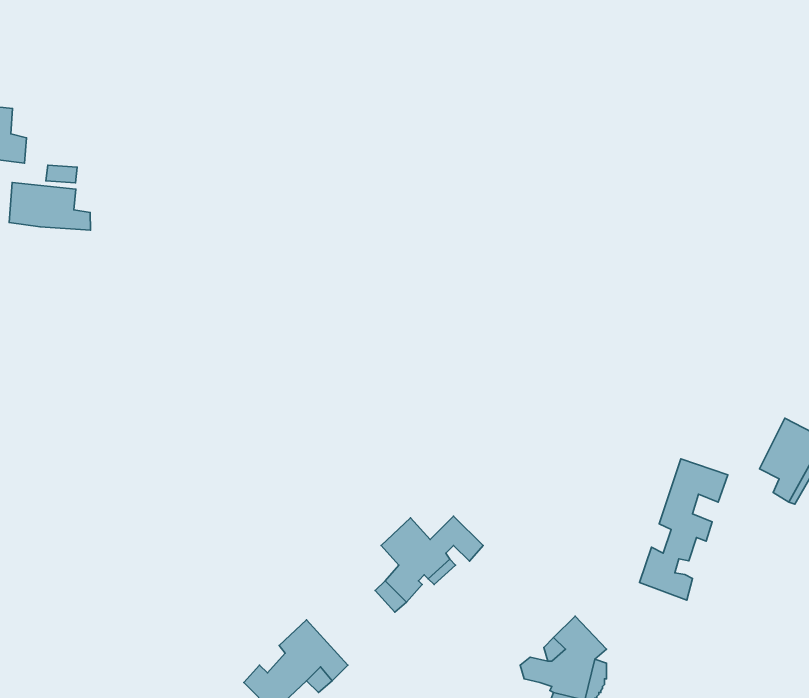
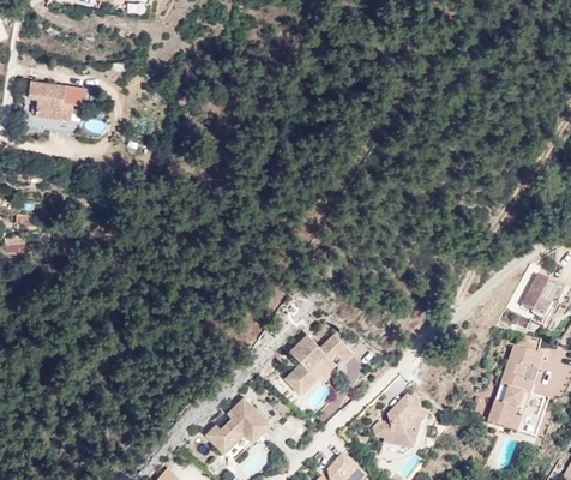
building: [9,182,90,230] -> none
building: [640,459,728,600] -> [487,346,541,432]

